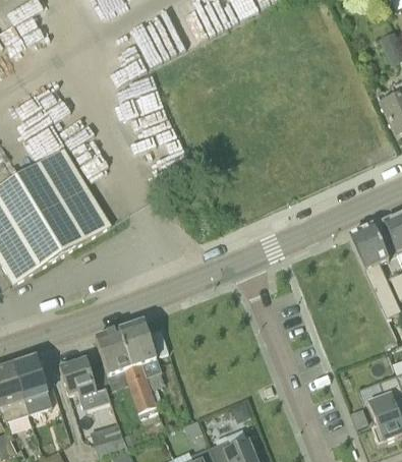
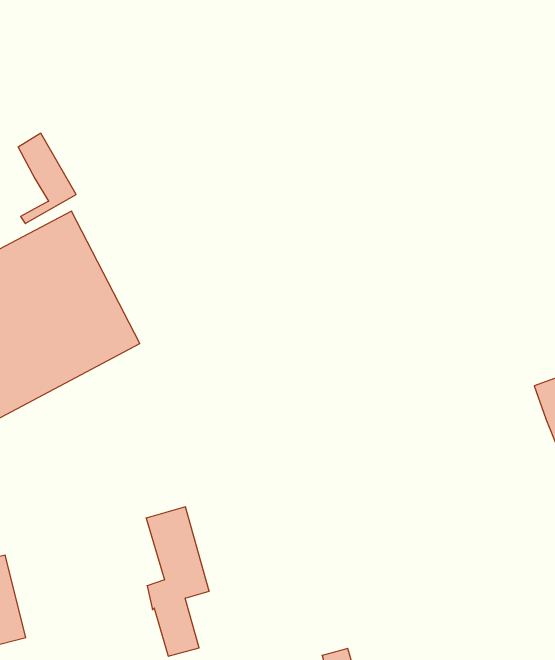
building: [95,328,133,388] -> none
building: [59,356,111,407] -> none

